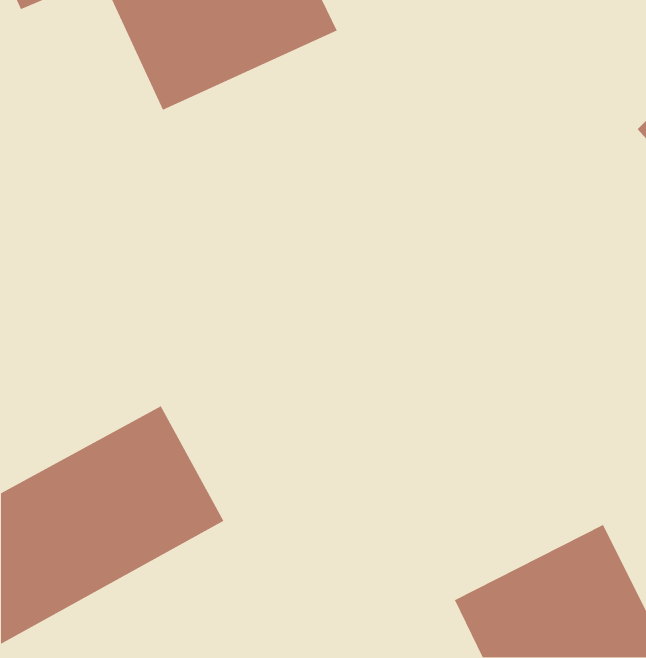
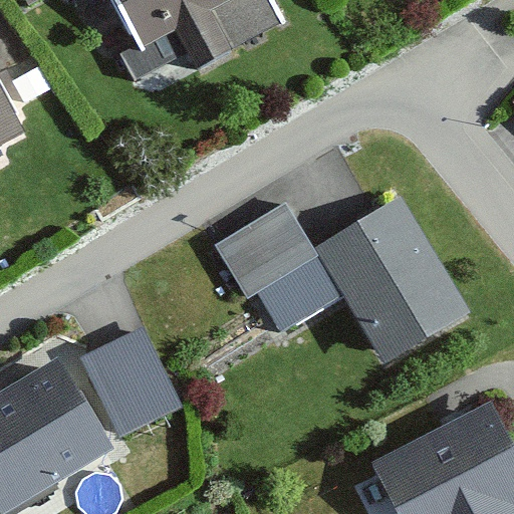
building: none -> [215,199,474,372]

